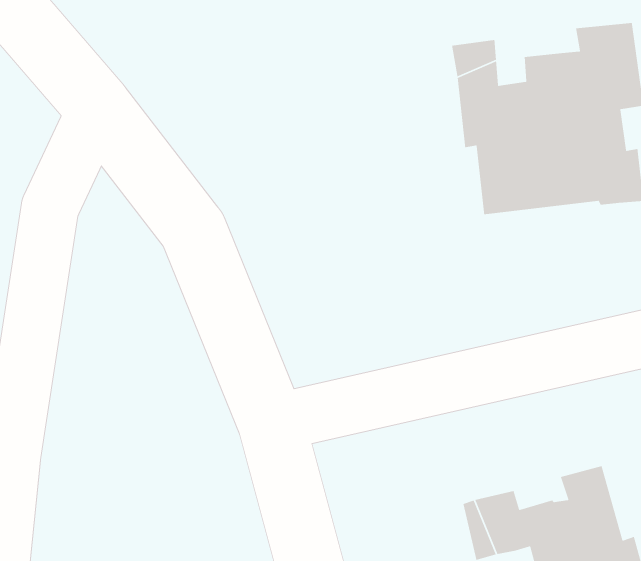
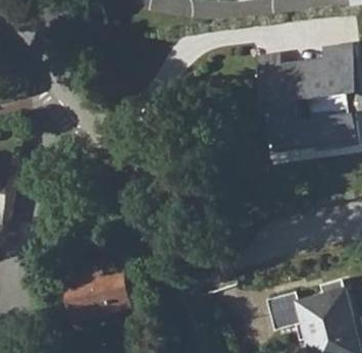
building: none -> [65,269,132,318]

